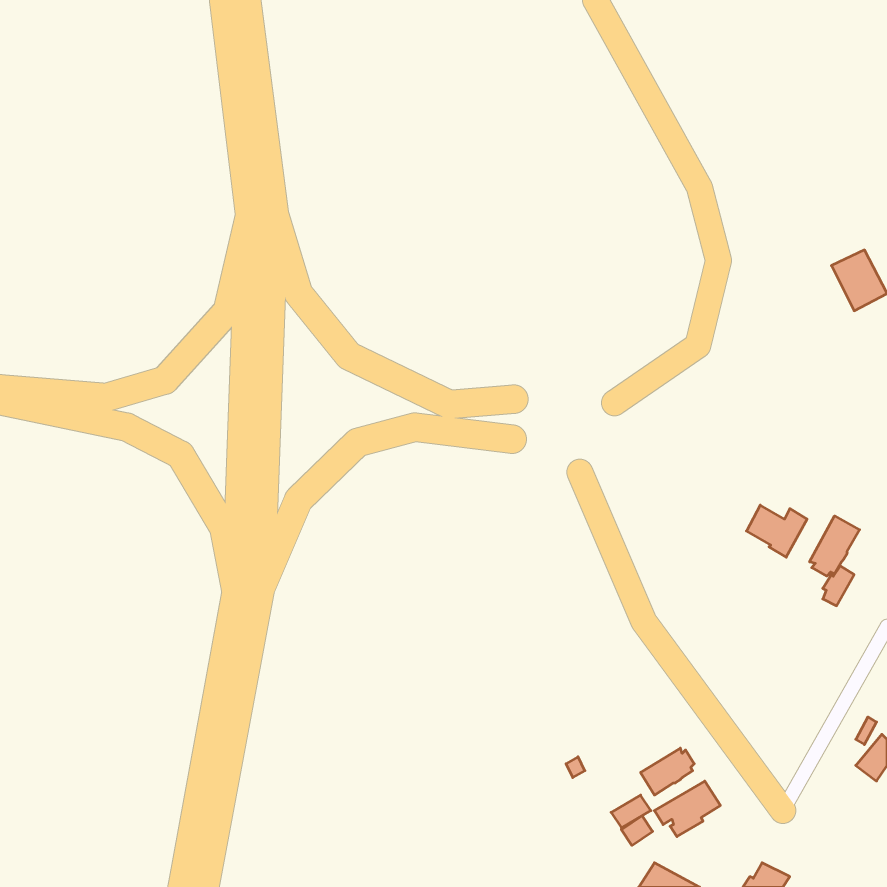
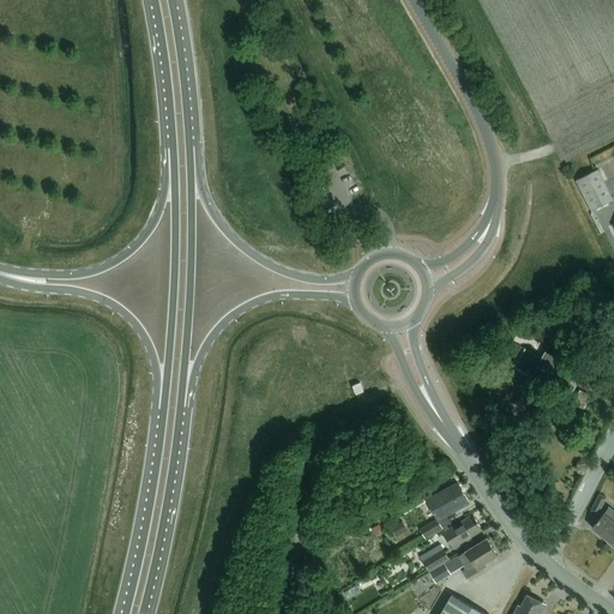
building: [810,516,860,576] -> none
building: none -> [420,483,469,538]

